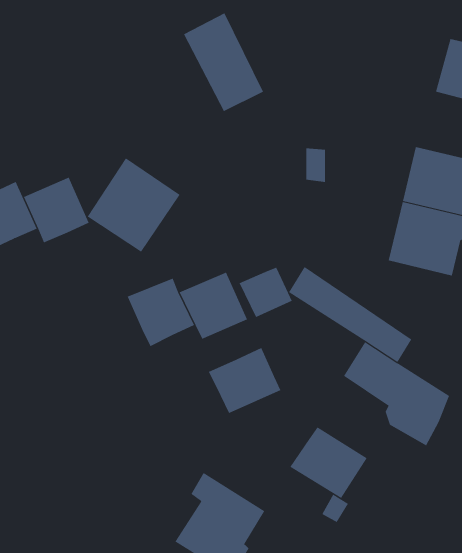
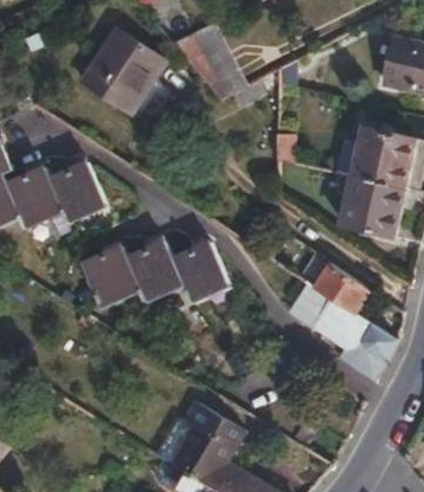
building: [87,158,180,253] -> [82,32,159,110]
building: [239,267,293,318] -> none
building: none -> [85,245,142,301]
building: [208,347,281,414] -> none
building: [289,426,367,499] -> none

